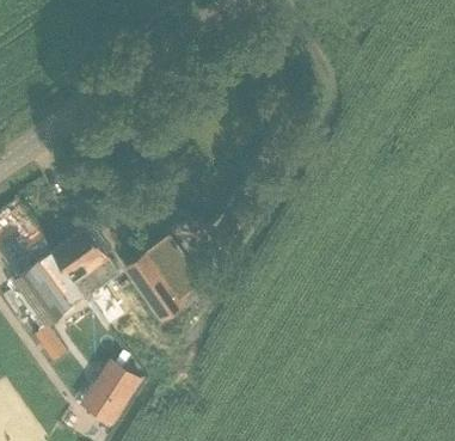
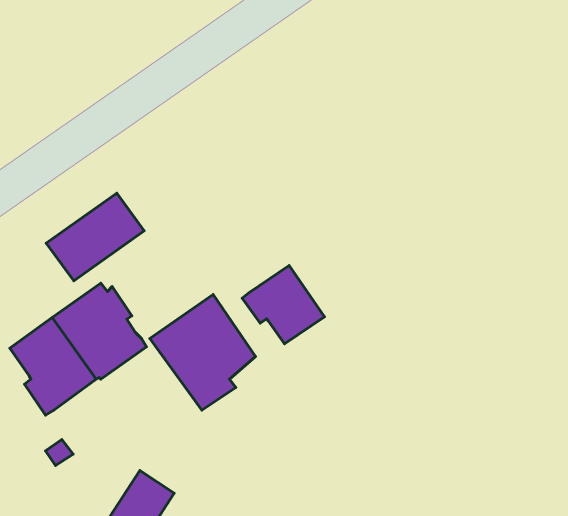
building: none -> [46,193,144,281]
building: none -> [242,266,325,344]

